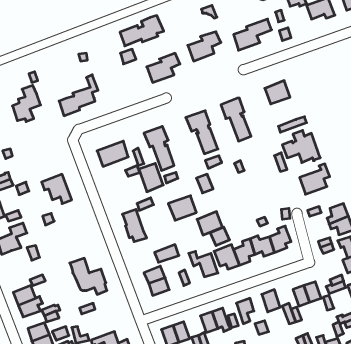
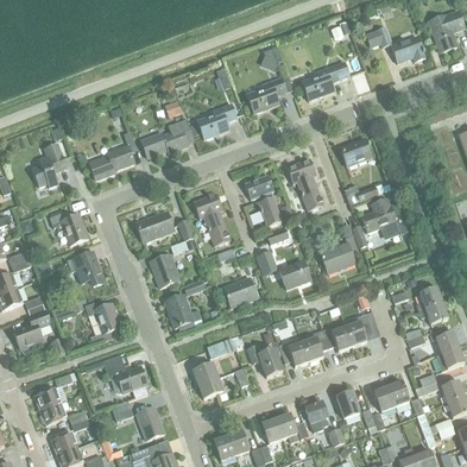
building: [120,16,164,46] -> [140,120,194,157]
building: none -> [49,209,88,245]
building: [139,163,163,192] -> [150,253,179,288]
building: [300,164,330,194] -> [321,235,358,272]
building: [197,212,222,235] -> [279,260,310,289]
building: none -> [84,298,120,333]
building: none -> [135,406,164,440]

